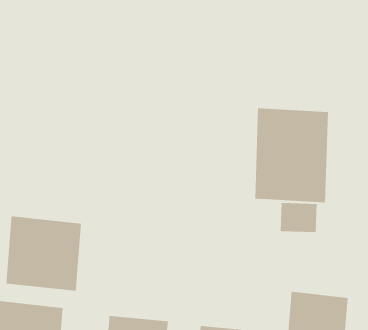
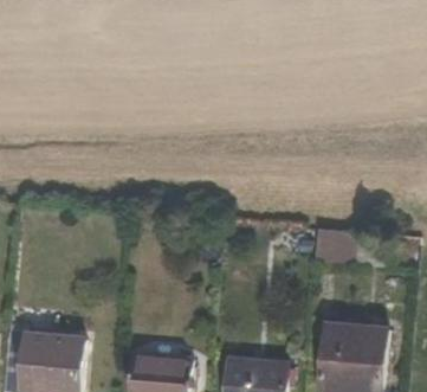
building: [255,107,328,203] -> none
building: [6,216,82,292] -> none

